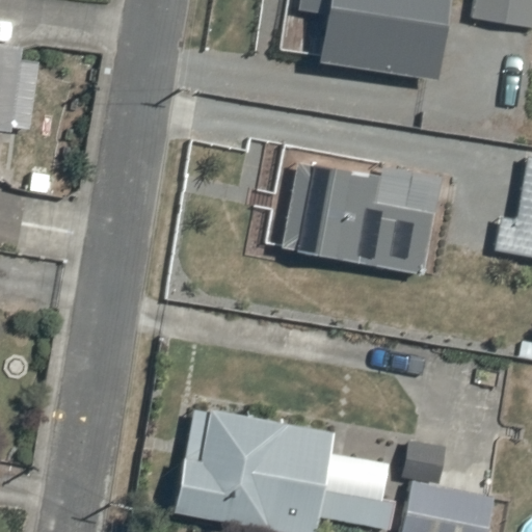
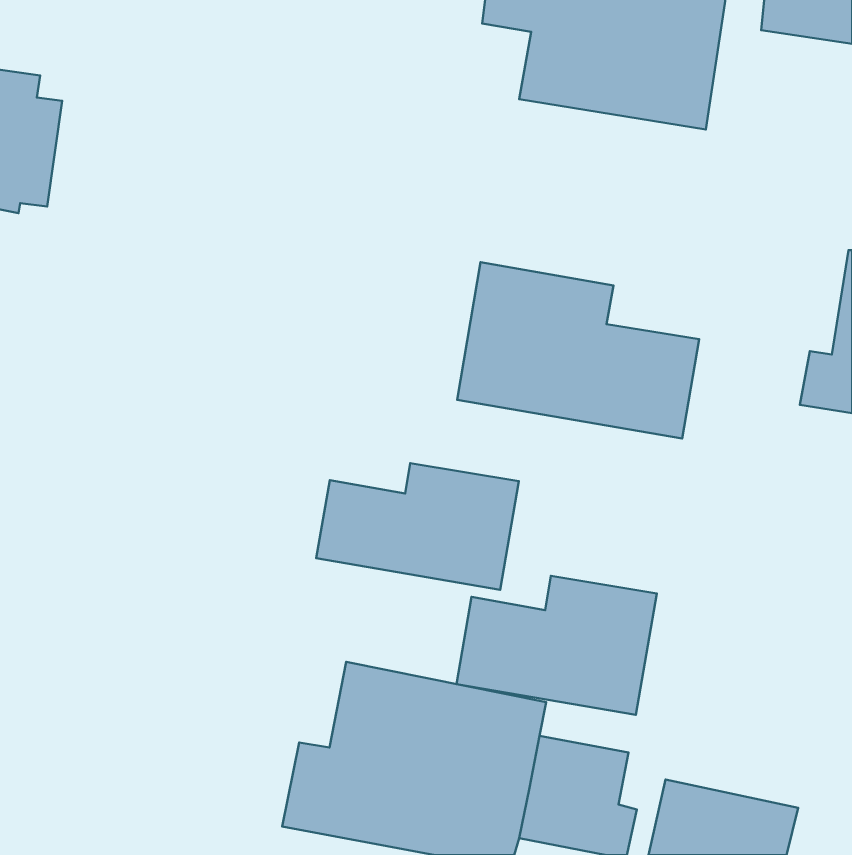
building: none -> [316,463,519,590]
building: none -> [456,576,657,715]

